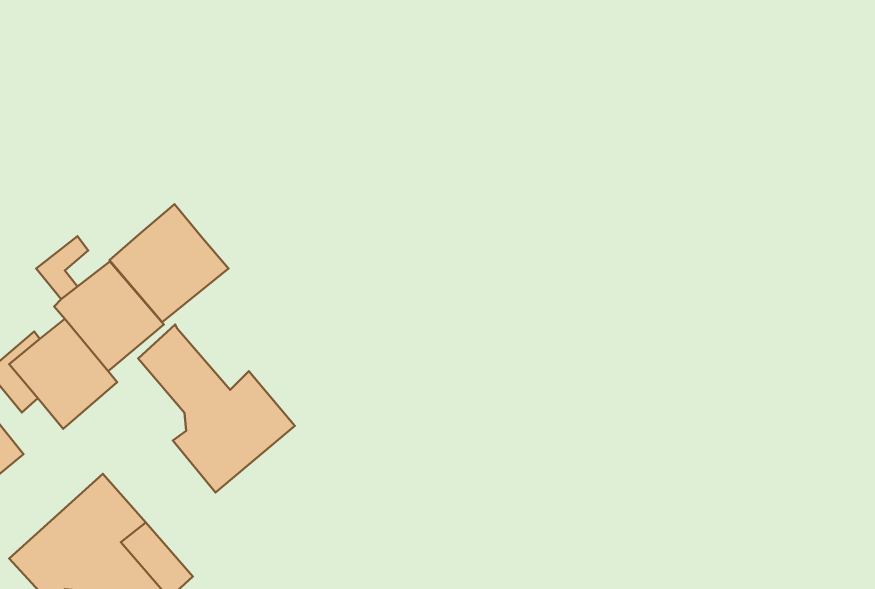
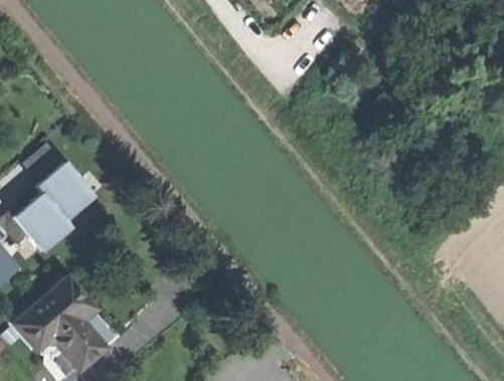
building: [110,204,228,322] -> none
building: [138,324,295,492] -> none

